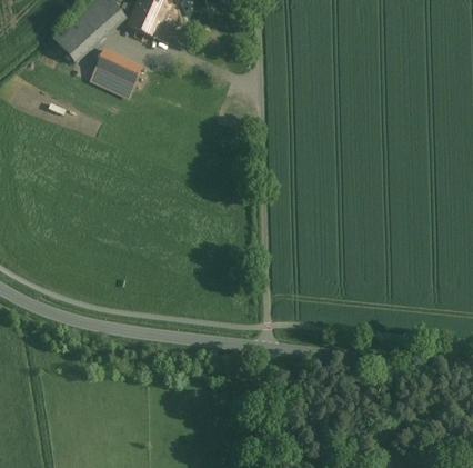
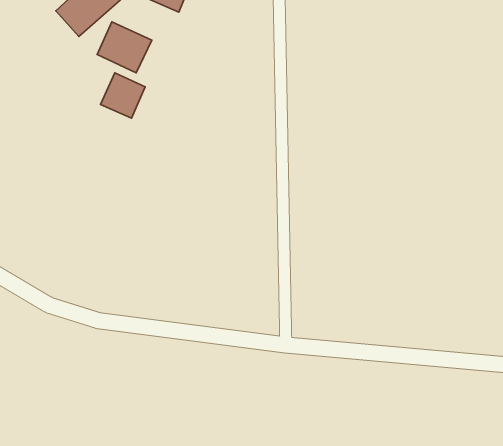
building: none -> [100,73,145,118]

